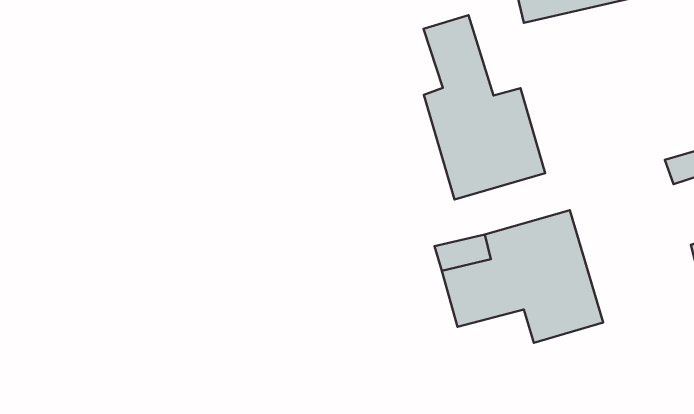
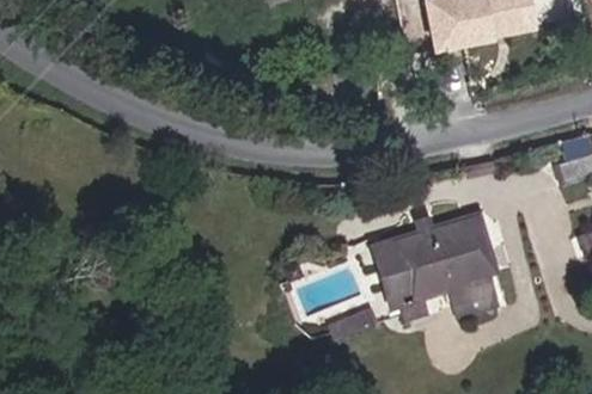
building: [424,15,545,199] -> none

